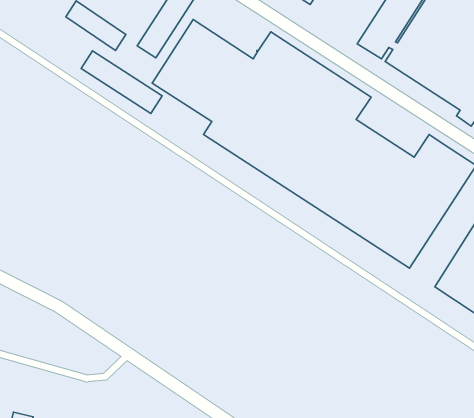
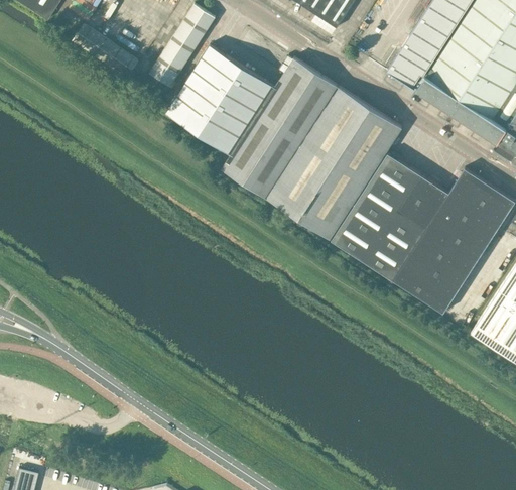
building: [81,51,162,114] -> none

